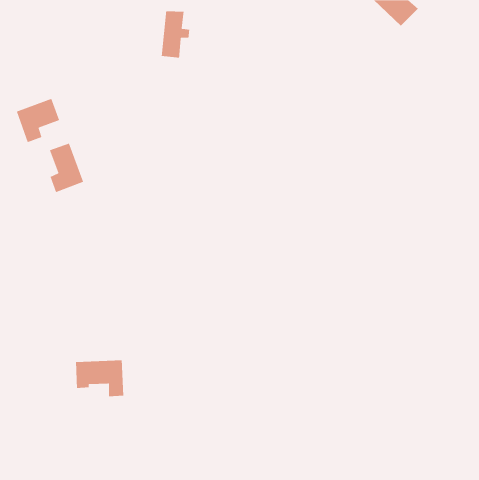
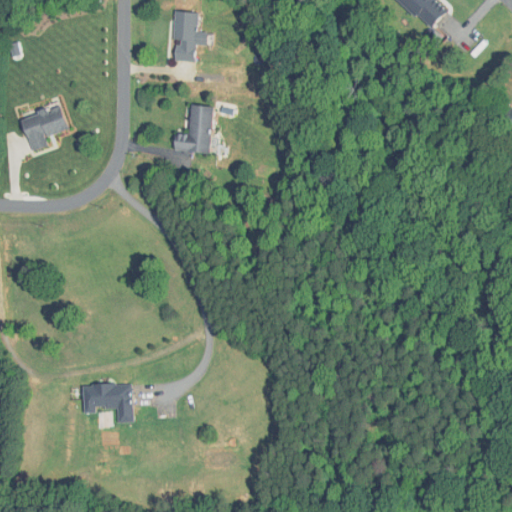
building: none -> [172,104,212,153]
building: [49,142,84,193] -> none

